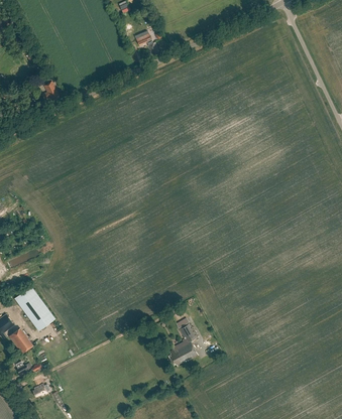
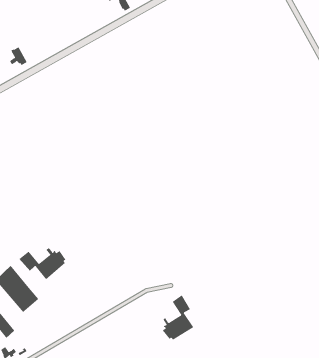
building: none -> [18,247,66,280]

